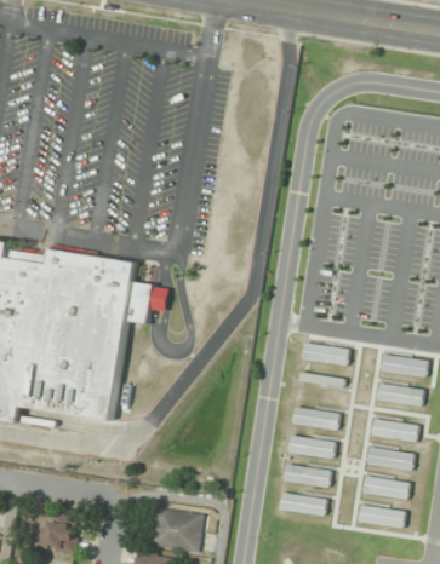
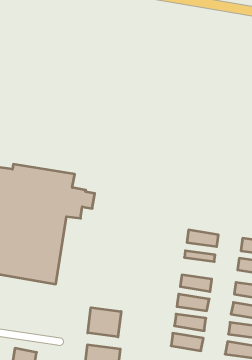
building: none -> [88,308,121,337]

